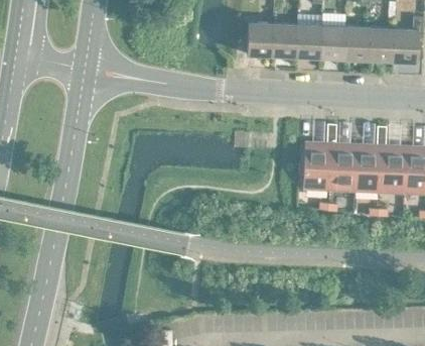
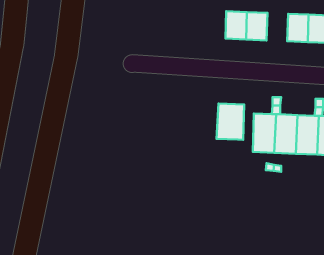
building: [247,22,273,55] -> none
building: [320,25,345,59] -> none
building: none -> [216,104,244,140]

